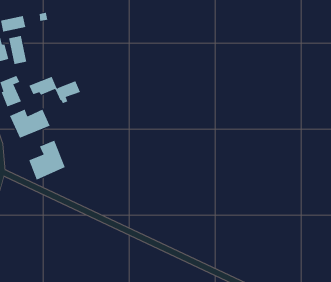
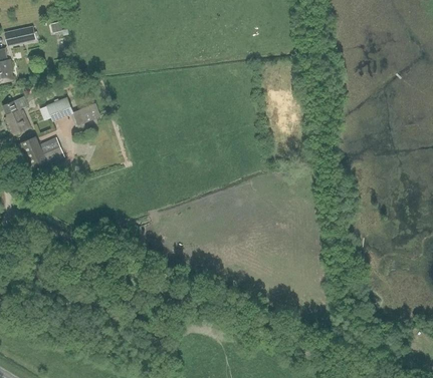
building: [9,35,27,65] -> none
building: [28,140,66,180] -> none

